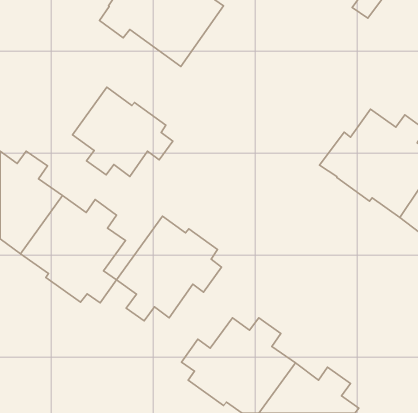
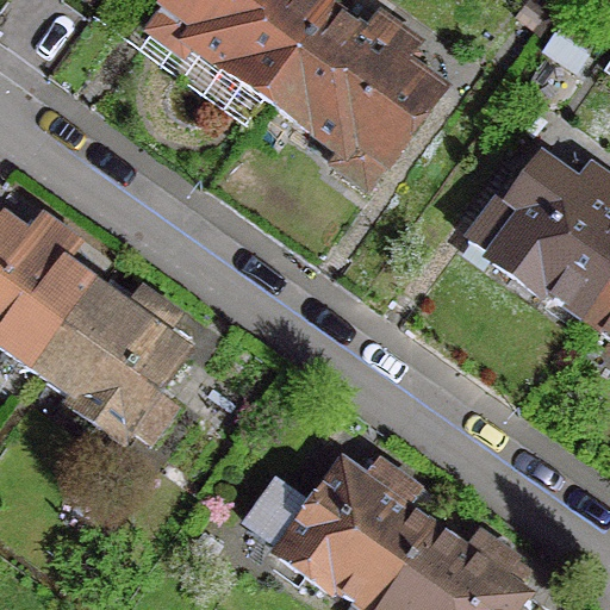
building: none -> [264,8,437,187]
building: [73,87,173,176] -> none
building: [117,216,222,321] -> none

